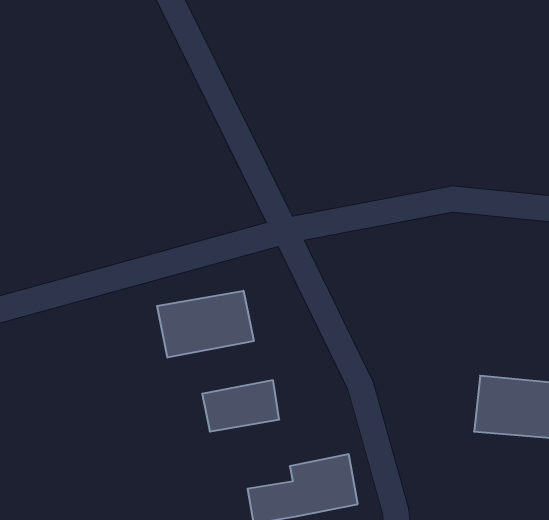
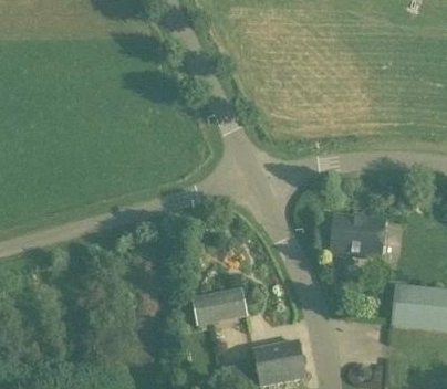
building: none -> [331,213,386,259]
building: [157,291,254,358] -> none

